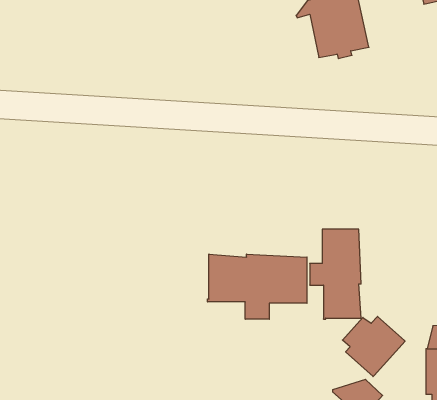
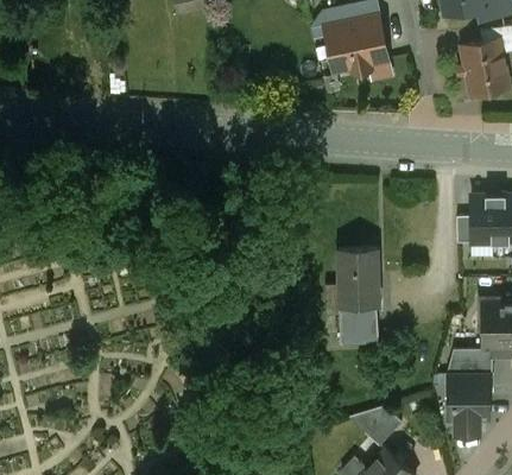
building: [208,254,307,319] -> none
building: [342,316,405,377] -> none

